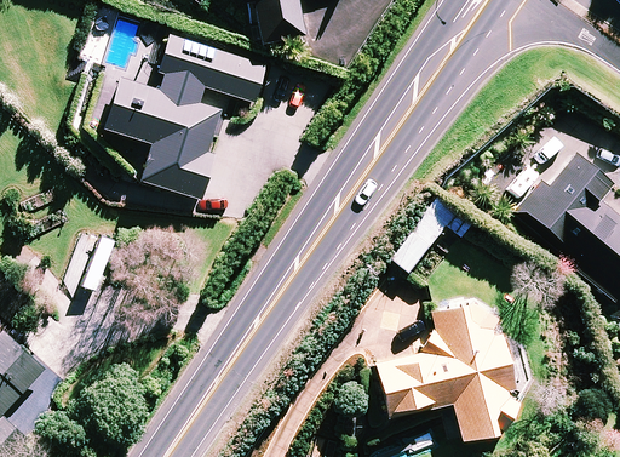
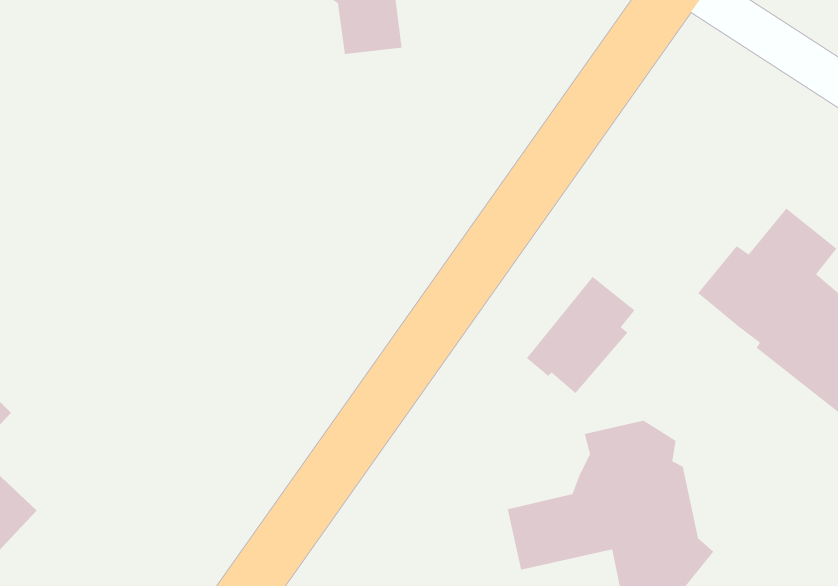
building: [103,32,266,198] -> none

